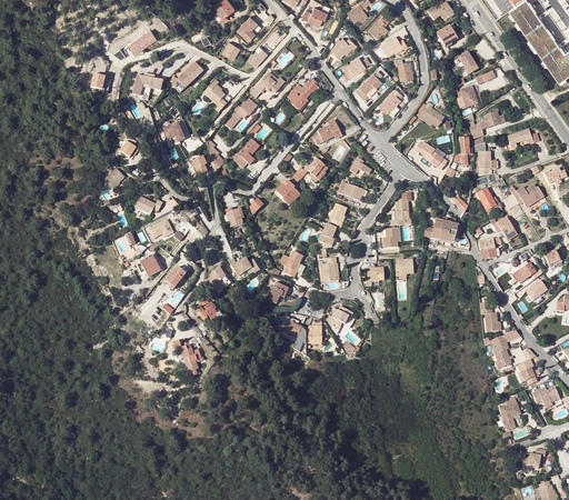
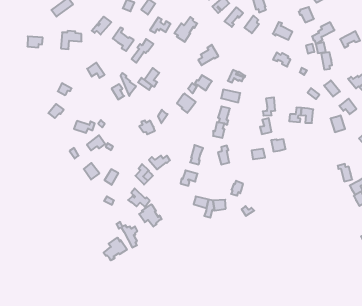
building: none -> [139,204,162,227]
building: none -> [104,238,127,260]

